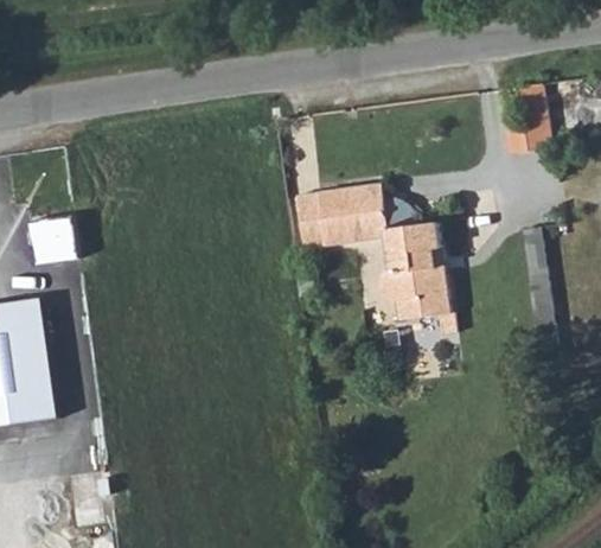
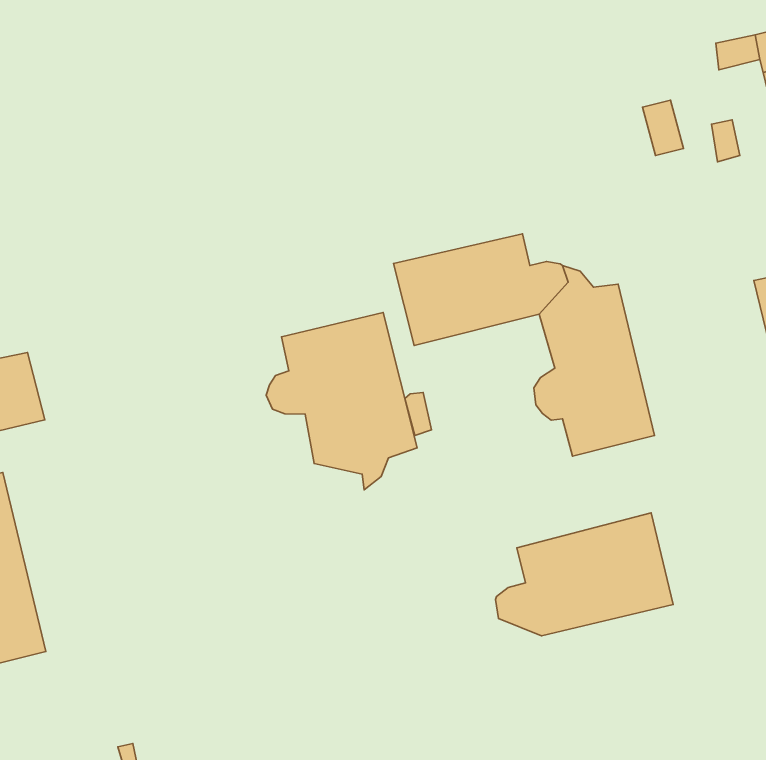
building: none -> [266,313,417,490]
building: none -> [495,513,673,636]

